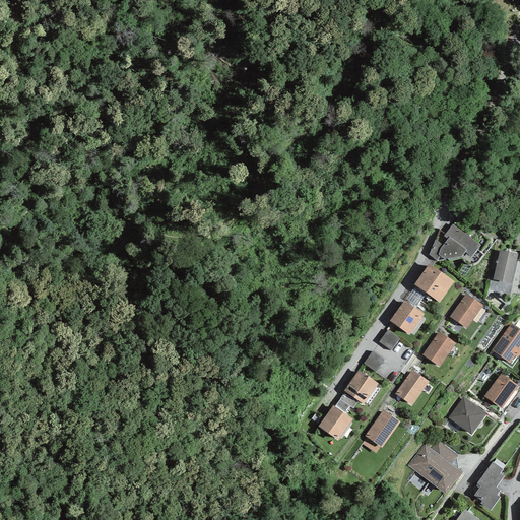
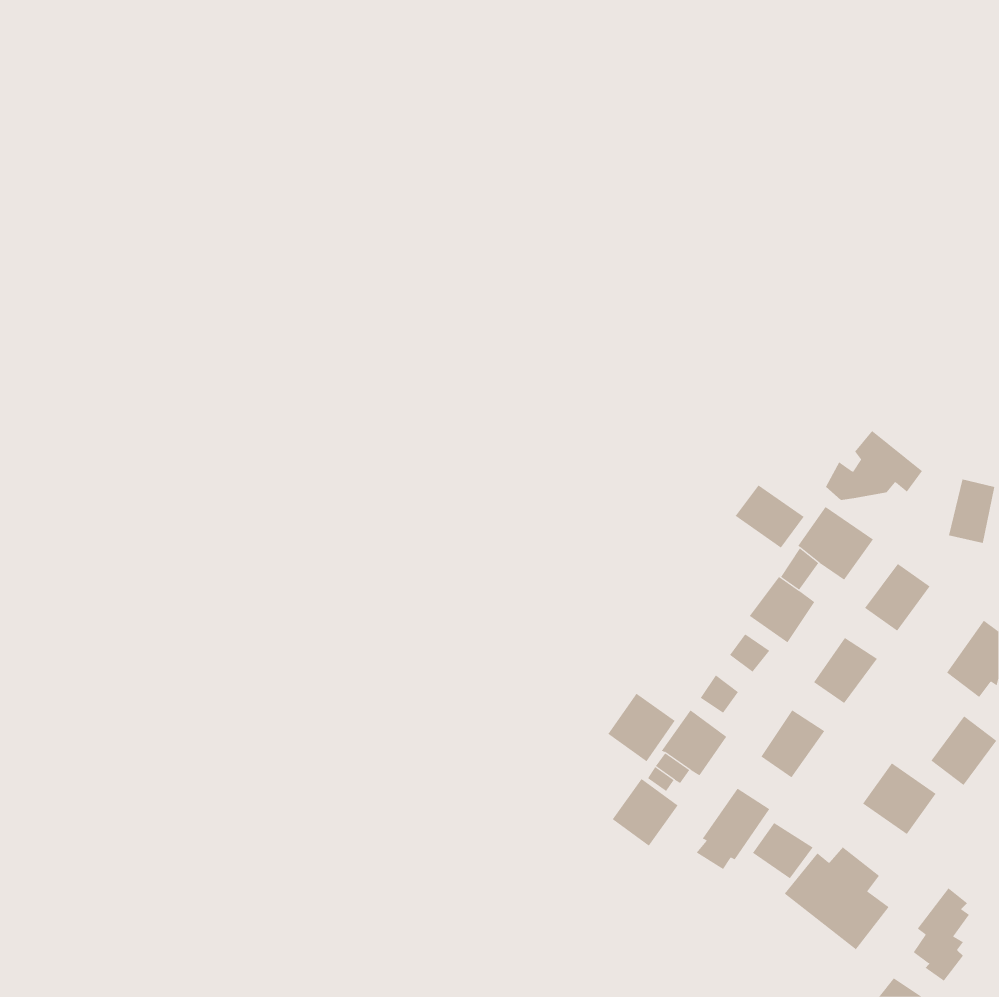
building: none -> [735,484,804,549]
building: none -> [607,693,675,762]
building: none -> [752,822,813,879]

